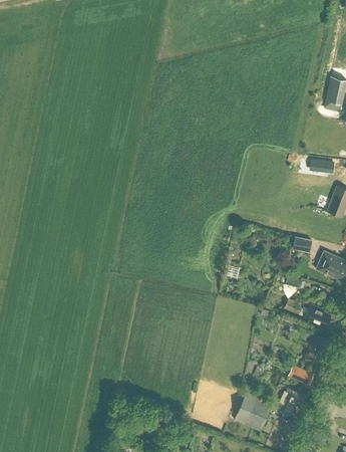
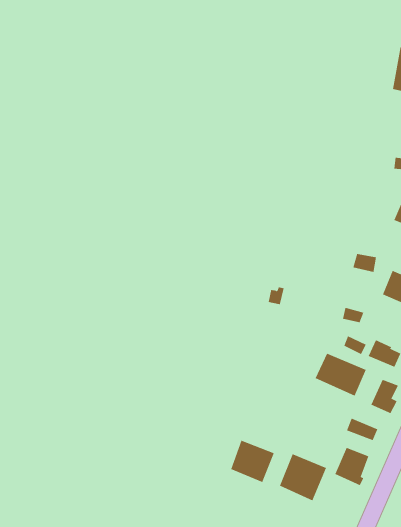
building: none -> [315,353,366,396]
building: none -> [231,440,275,483]

